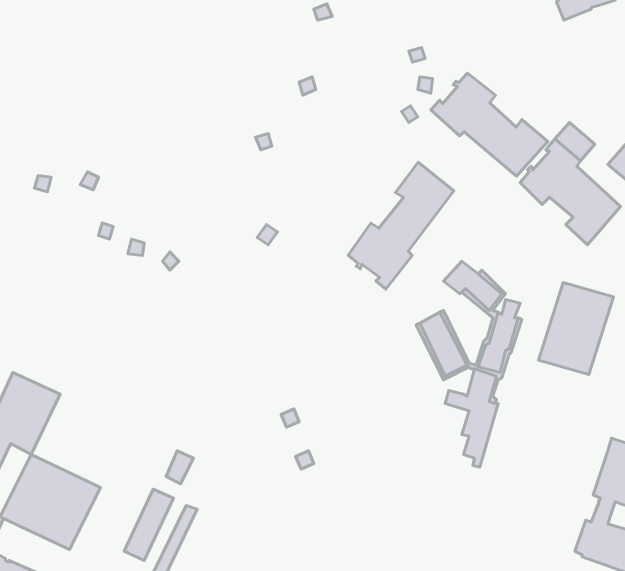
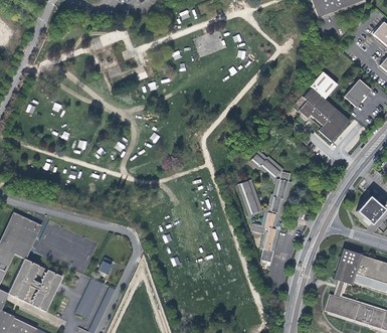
building: [431,73,548,176] -> none
building: [348,162,454,289] -> none
building: [538,283,613,374] -> none

